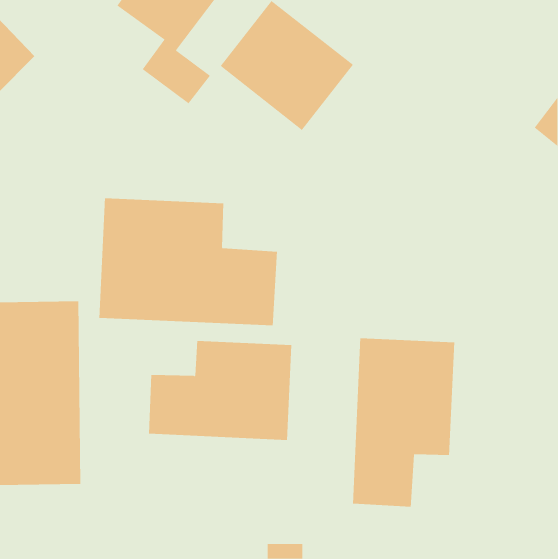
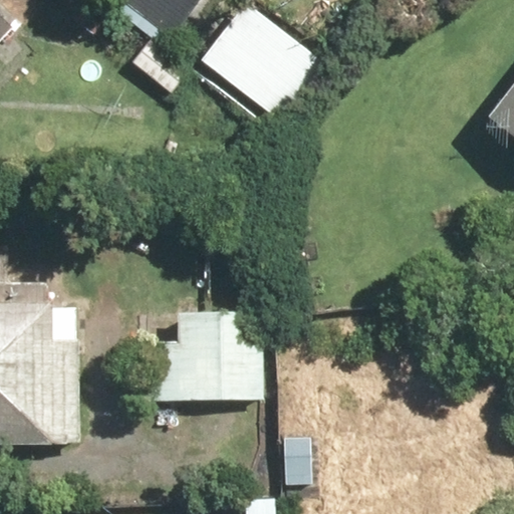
building: [99,197,277,326] -> none
building: [352,337,455,507] -> none

